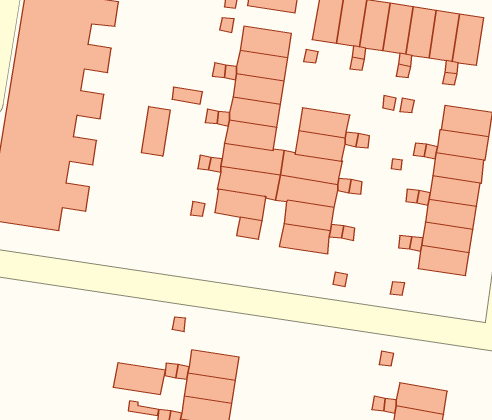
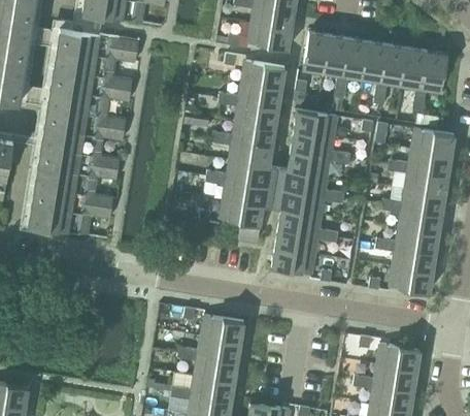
building: none -> [294,109,337,136]
building: [141,106,170,156] -> none
building: none -> [271,248,315,275]
building: none -> [389,266,432,293]
building: none -> [376,344,419,371]
building: [113,363,165,394] -> [200,315,244,342]

